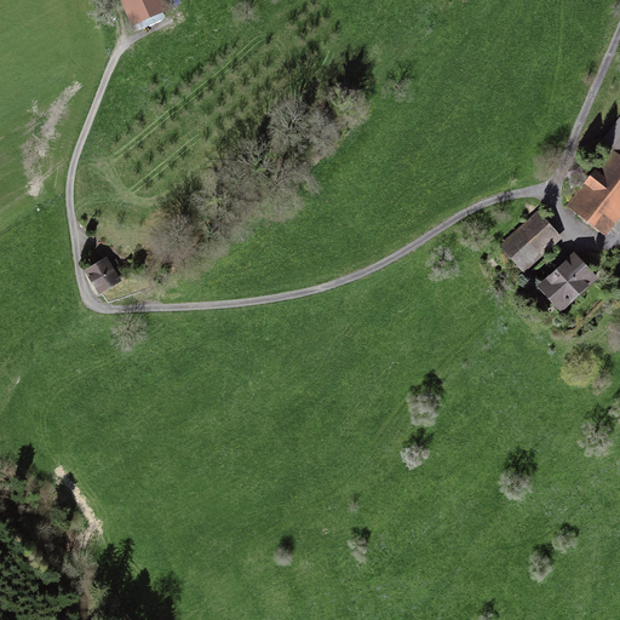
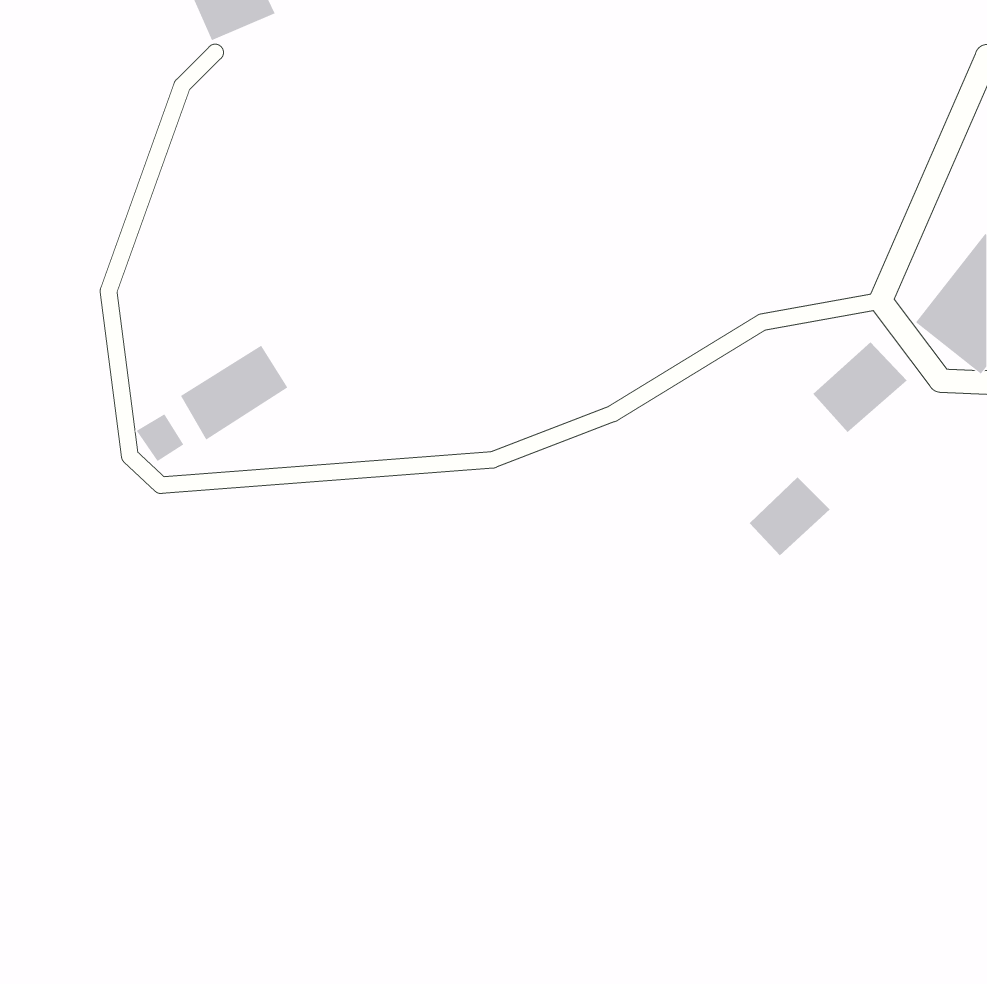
building: none -> [180,345,288,441]
building: [540,254,591,304] -> [749,477,830,556]

